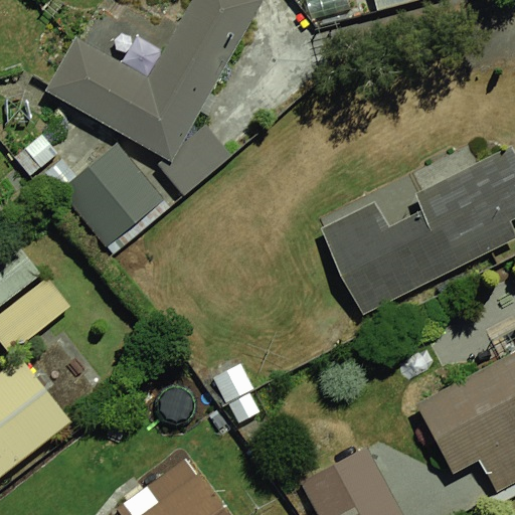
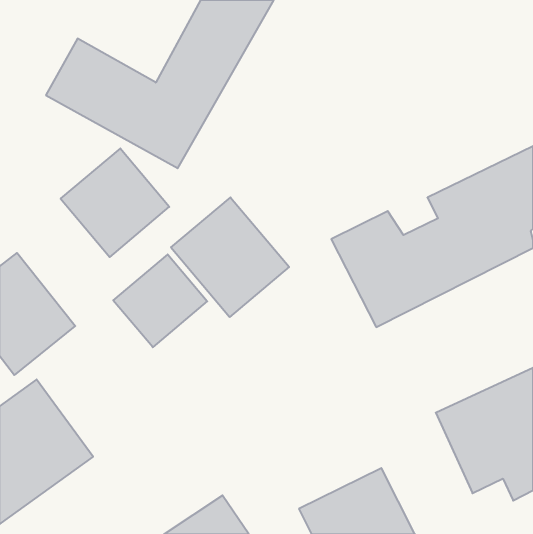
building: none -> [171,197,289,317]
building: none -> [113,254,207,347]

